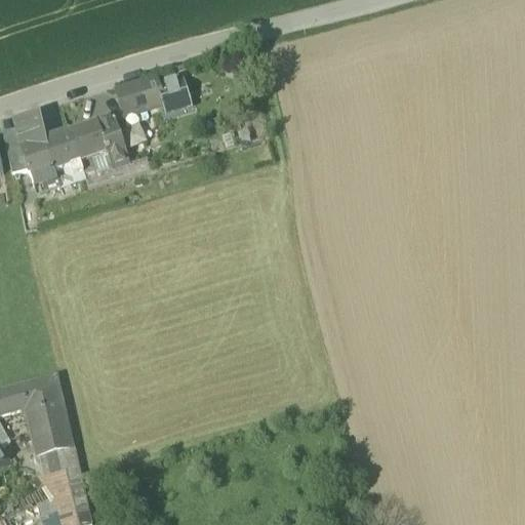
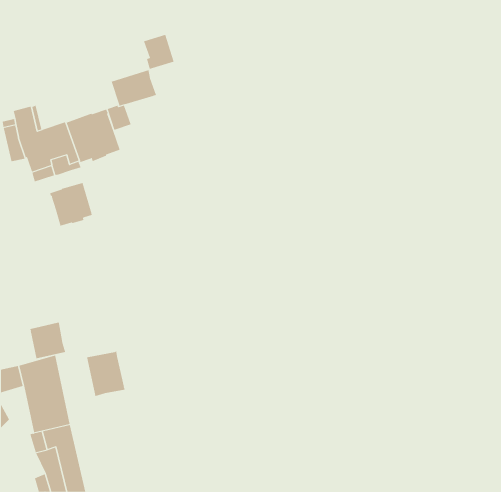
building: [158,75,191,112] -> [143,34,175,70]
building: none -> [49,182,93,226]
building: none -> [29,322,66,359]
building: none -> [86,350,125,397]

